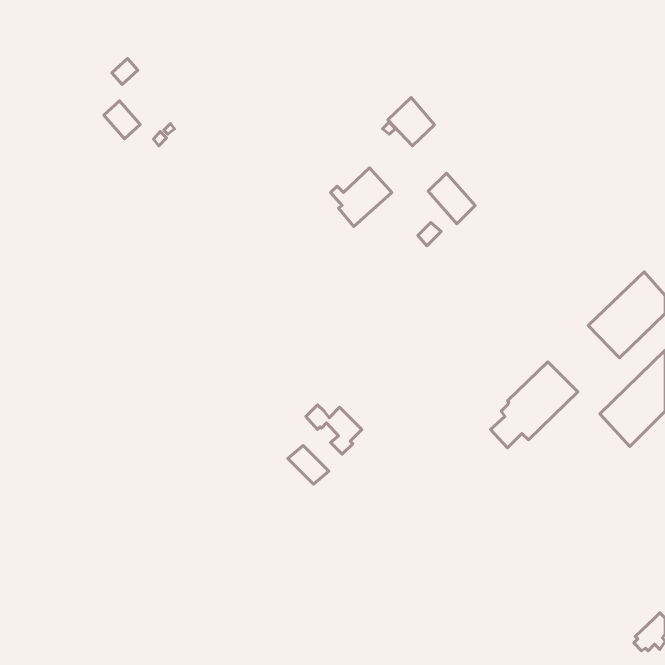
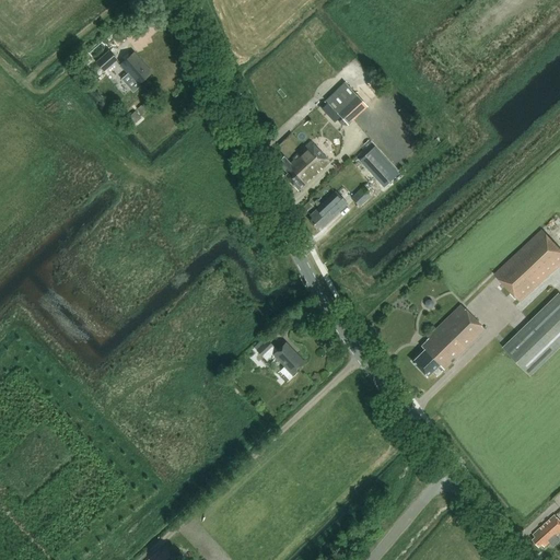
building: [104,101,140,139] -> [120,52,151,84]
building: none -> [310,190,349,229]
building: [288,445,329,484] -> none

